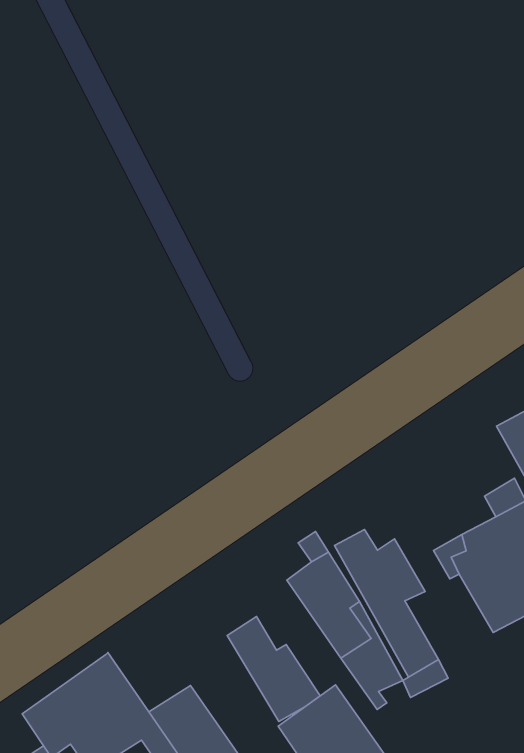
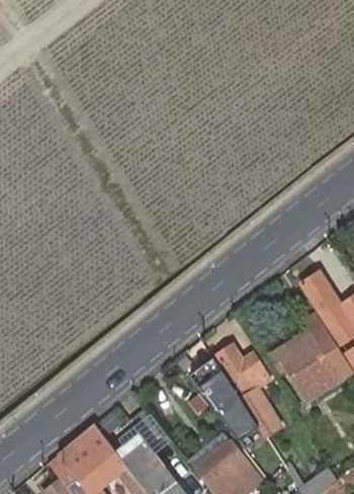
building: [227,616,320,722] -> none

